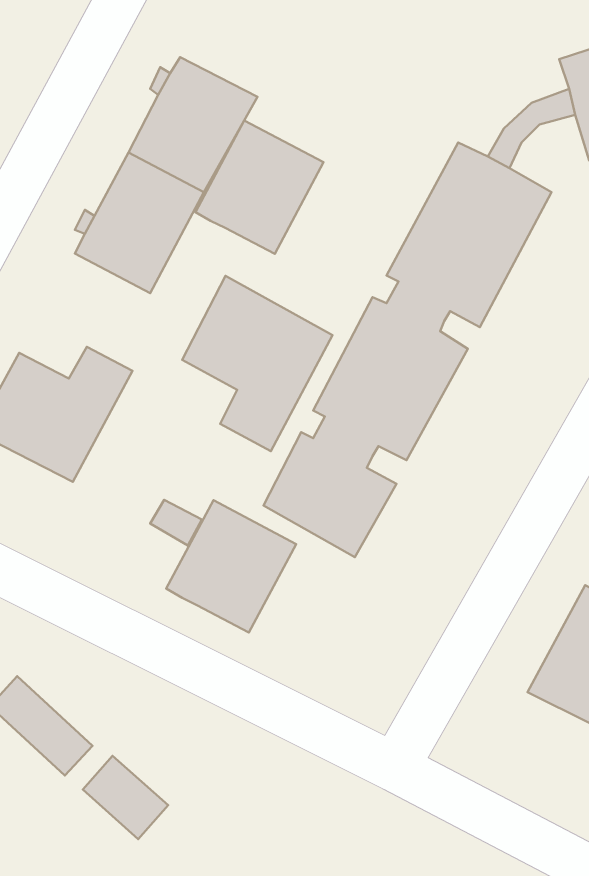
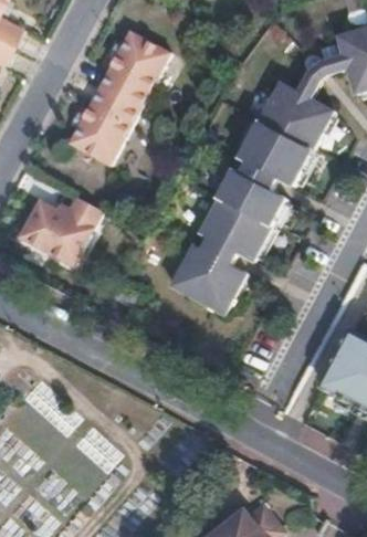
building: [196,121,323,254] -> none
building: [182,276,332,451] -> none
building: [166,500,296,633] -> none

